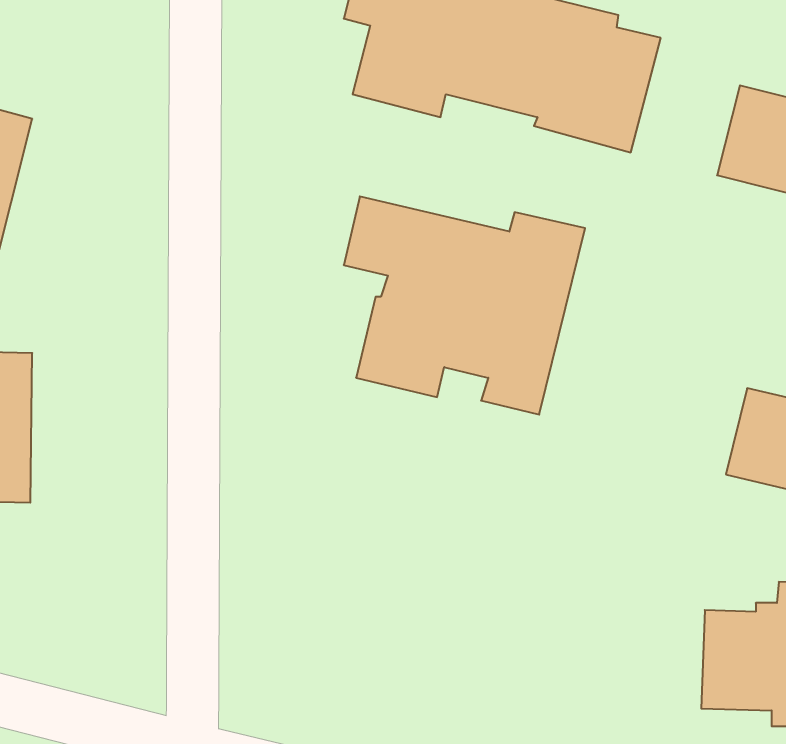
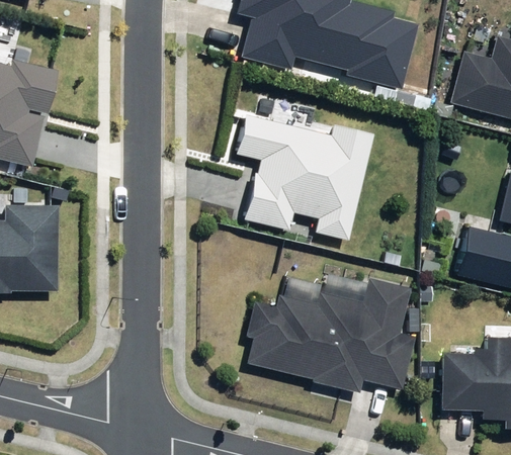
building: none -> [246,277,415,392]

